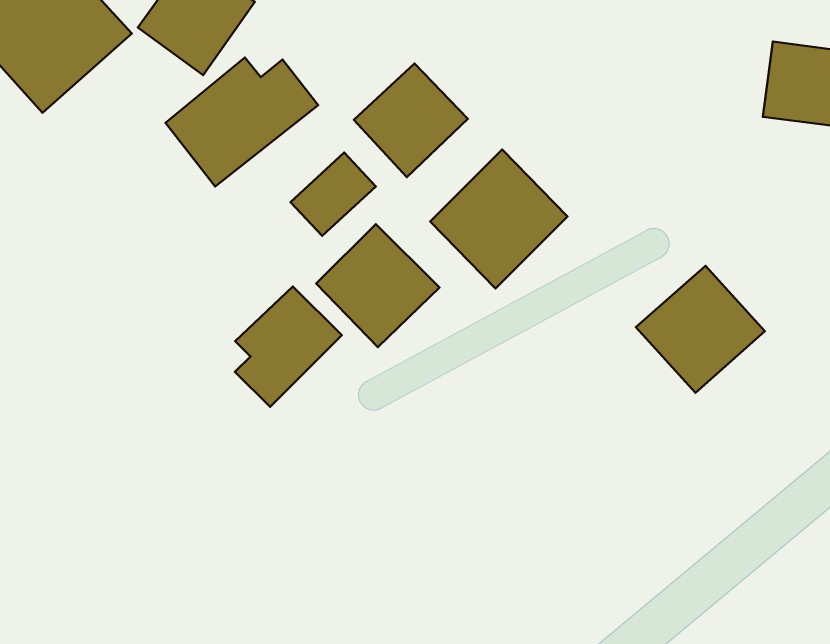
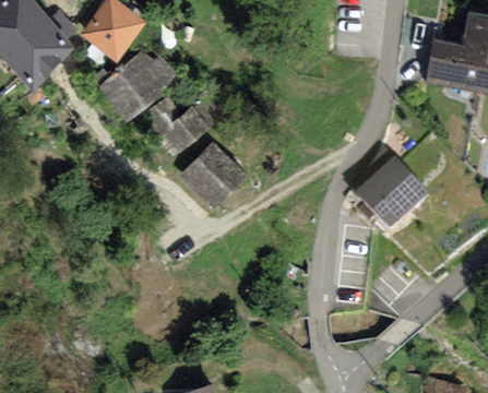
building: [354,64,468,177] -> none
building: [430,149,568,289] -> none
building: [235,286,342,407] -> none

